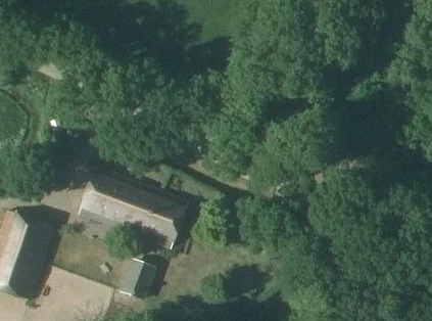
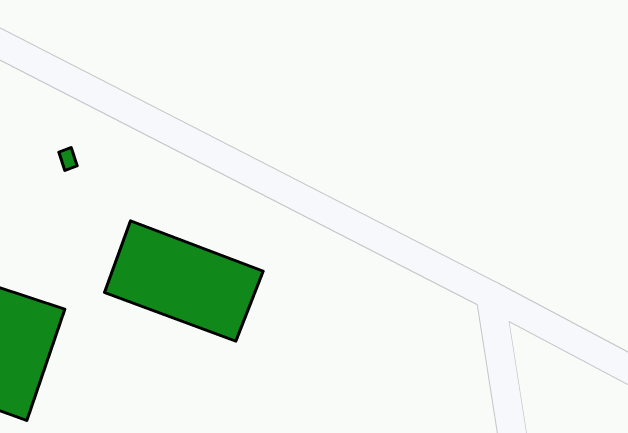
building: [115,259,153,302] -> none

